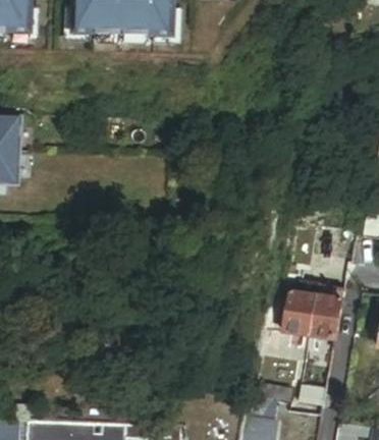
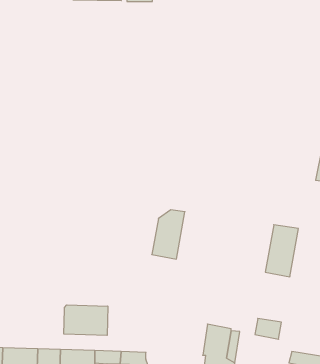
building: [281,285,317,338] -> [152,210,185,259]
building: none -> [64,305,108,335]

